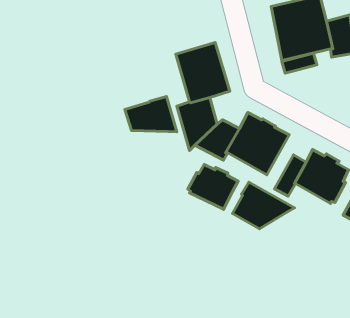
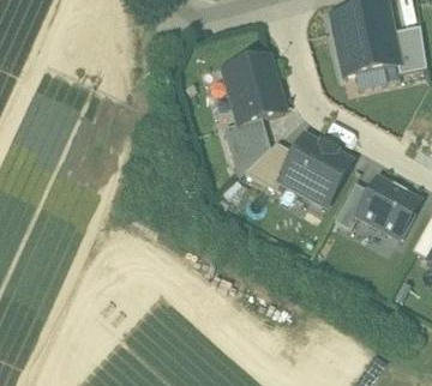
building: [125,97,177,132] -> none
building: [188,164,238,210] -> none
building: [232,182,295,229] -> none

